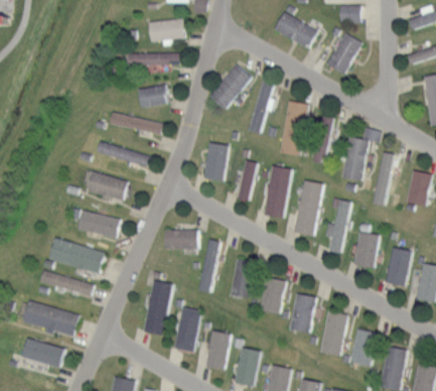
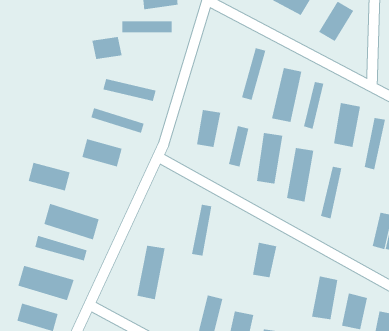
building: [209,67,252,111] -> none
building: [138,85,169,108] -> [92,37,122,60]
building: [78,210,121,239] -> [28,162,71,191]
building: [164,228,196,249] -> none
building: [352,232,379,269] -> none
building: [230,259,257,297] -> none
building: [290,292,315,332] -> none
building: [174,306,201,352] -> none

